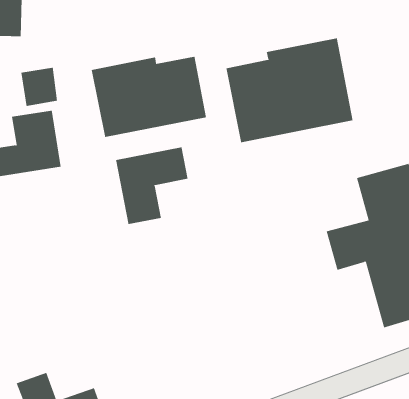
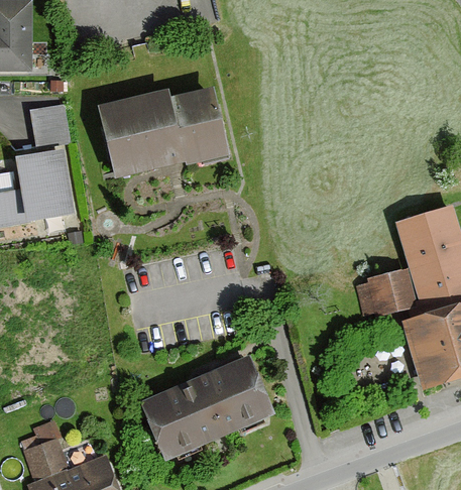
building: [226,37,353,143] -> none
building: [116,147,188,225] -> none
building: none -> [142,355,278,461]

